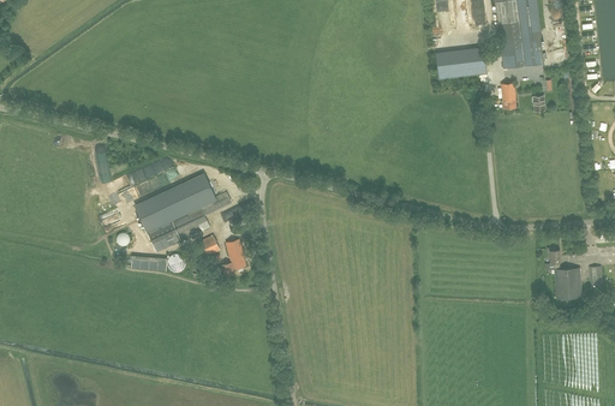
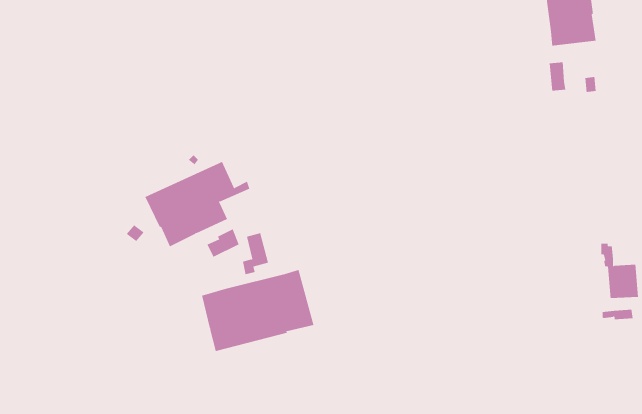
building: [431,46,489,79] -> none
building: none -> [202,269,314,352]

